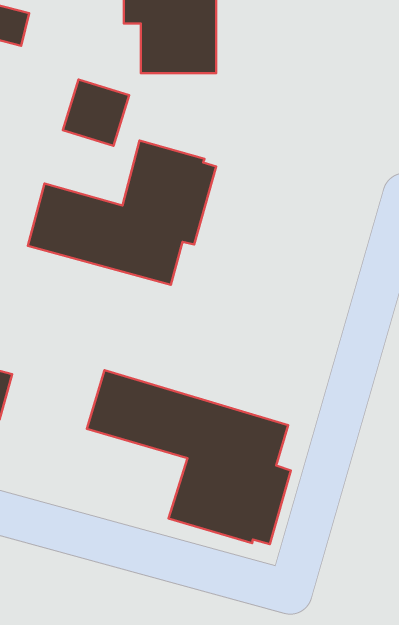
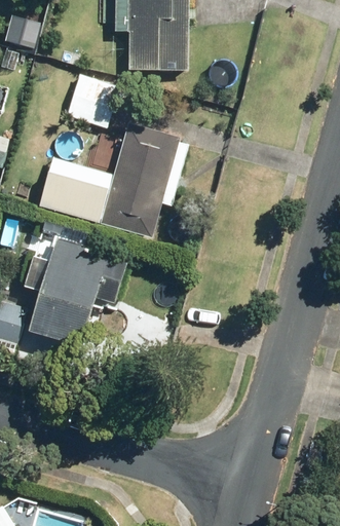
building: none -> [23,237,127,346]
building: [87,370,291,544] -> none

